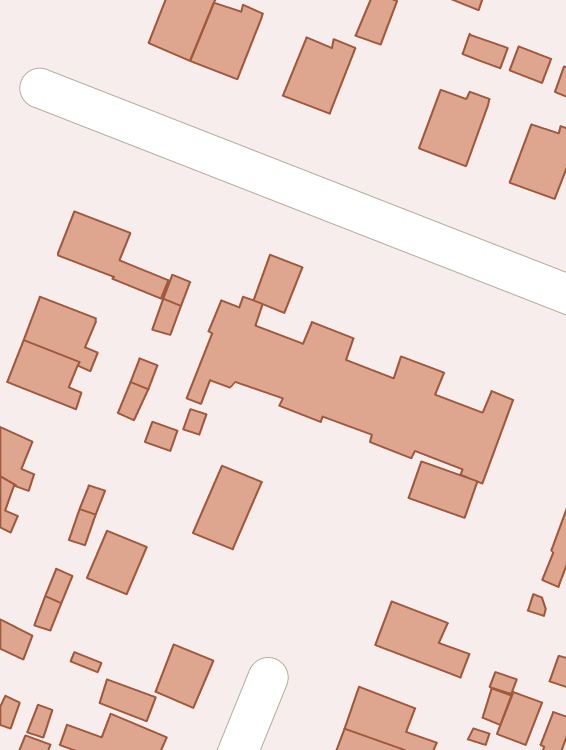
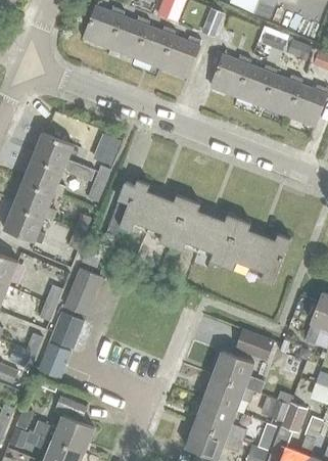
building: none -> [134,24,174,66]
building: none -> [209,54,250,96]
building: none -> [263,73,301,116]
building: [254,255,303,313] -> [93,133,121,166]
building: none -> [22,156,65,197]
building: [408,462,477,518] -> [235,329,274,361]
building: [193,466,262,549] -> [62,268,101,315]
building: [155,644,213,708] -> [37,342,69,378]
building: none -> [202,376,254,412]

